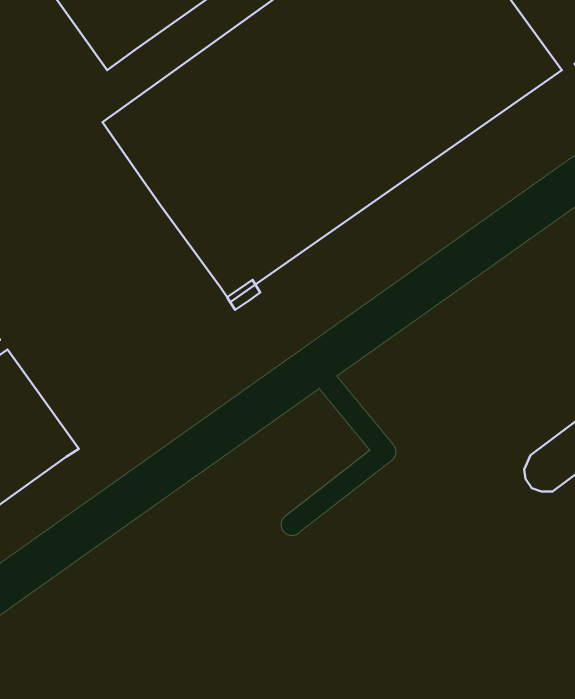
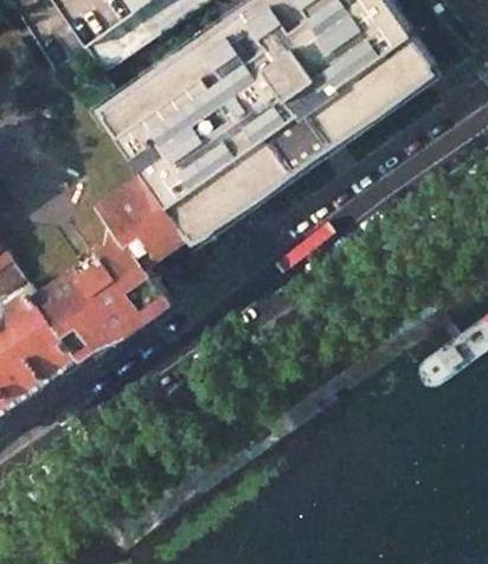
building: none -> [36,175,187,358]

